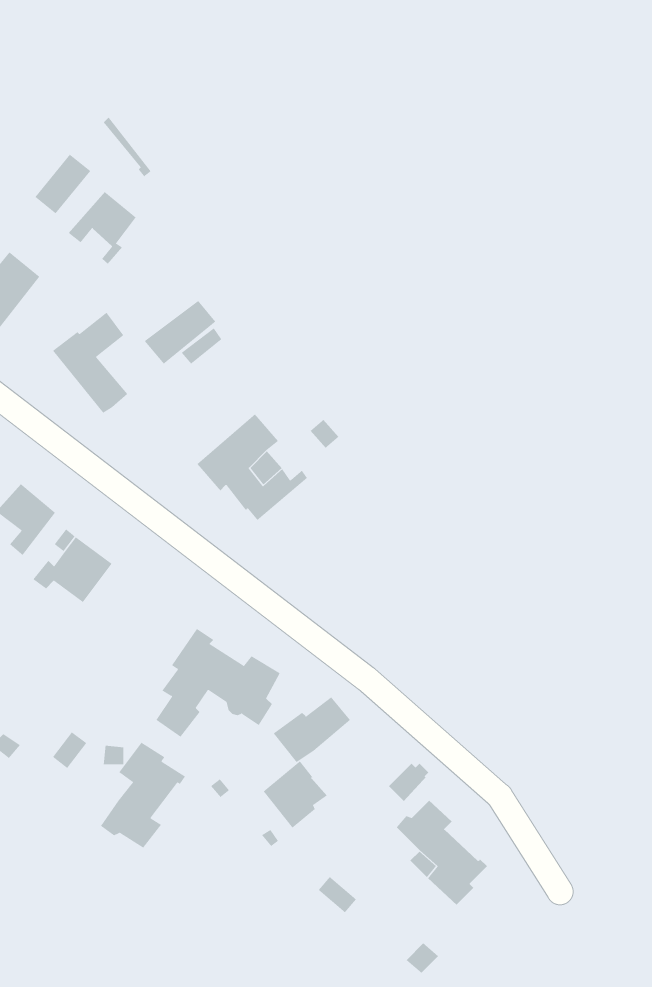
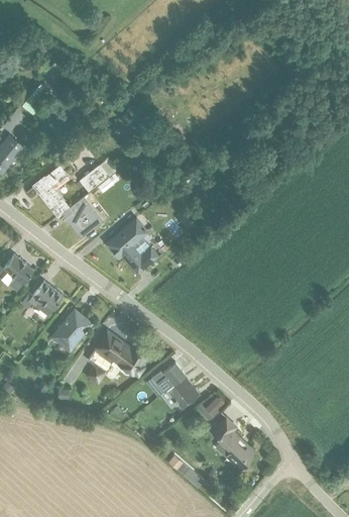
building: [68,191,136,265] -> none
building: none -> [62,196,102,236]
building: none -> [48,305,93,350]
building: [100,742,186,849] -> none
building: [263,760,327,829] -> [165,375,199,410]

